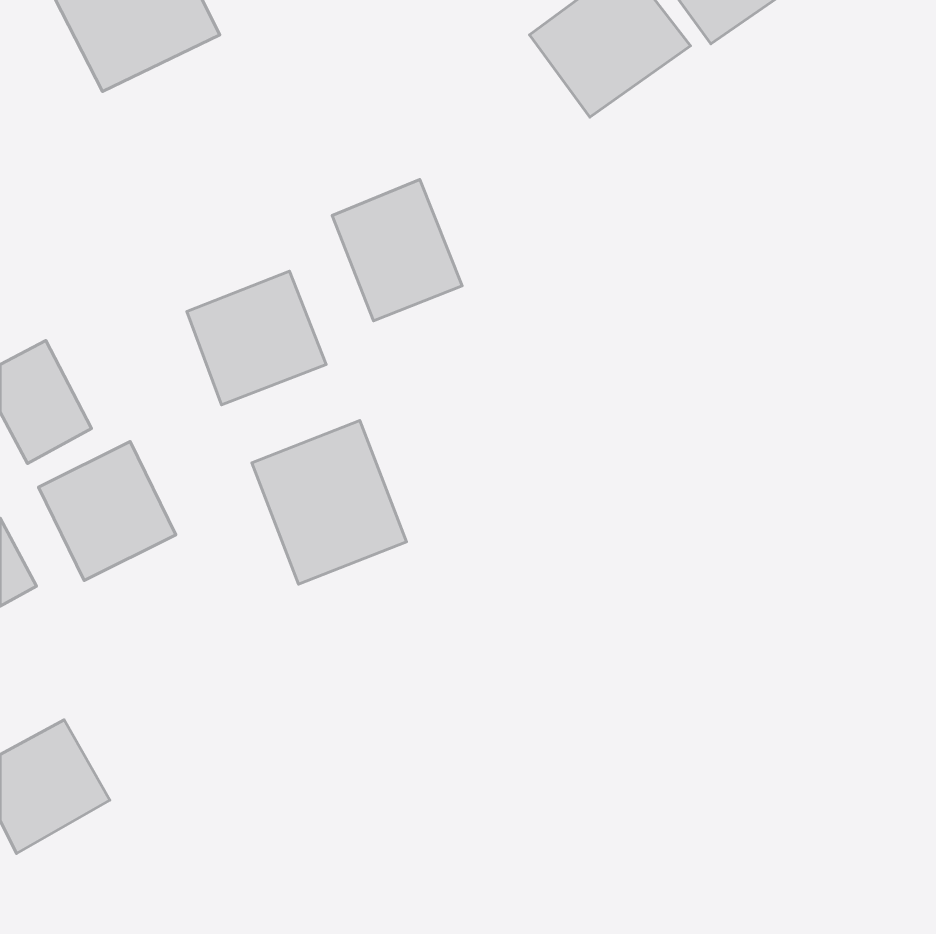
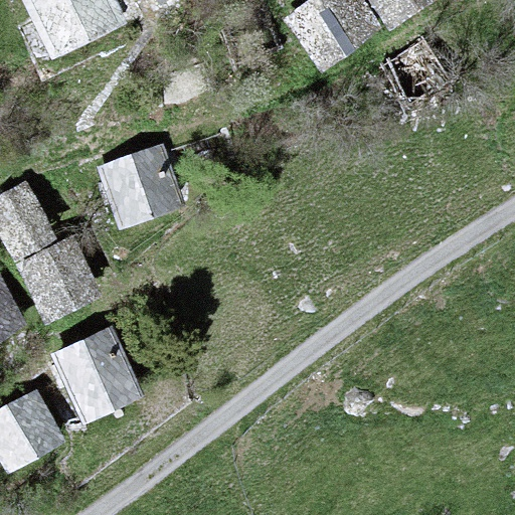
building: [332,179,462,321] -> none
building: [252,421,406,584] -> none
building: none -> [56,332,138,418]

